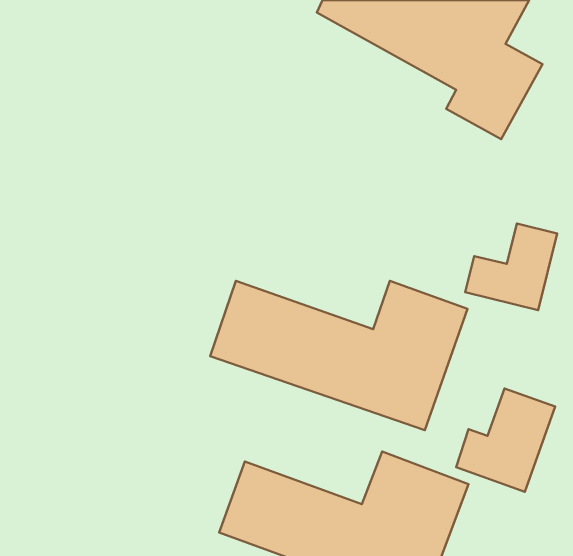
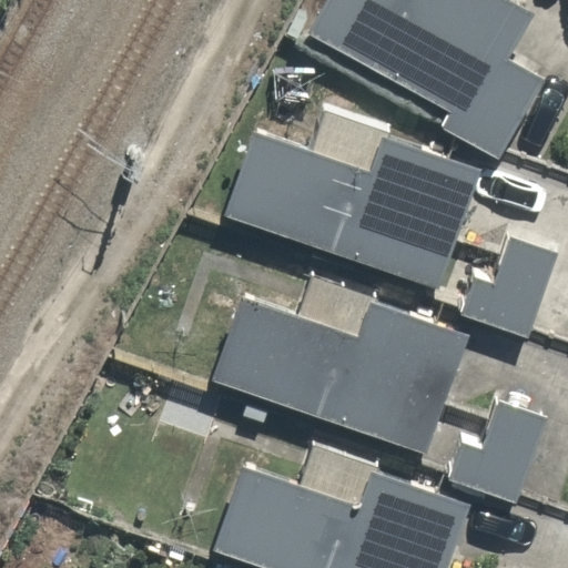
building: none -> [226,128,471,283]

